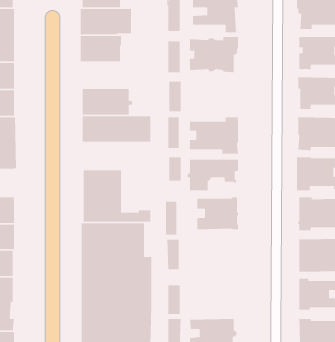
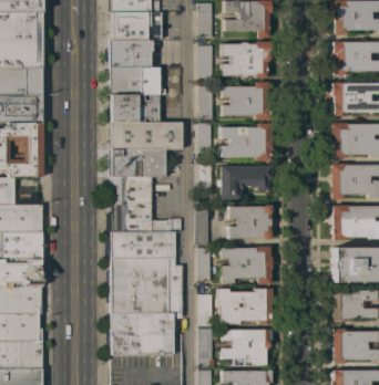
building: none -> [111,67,158,94]
building: none -> [222,82,272,119]
building: none -> [107,149,165,177]
building: none -> [221,247,273,284]
building: none -> [217,289,270,324]

